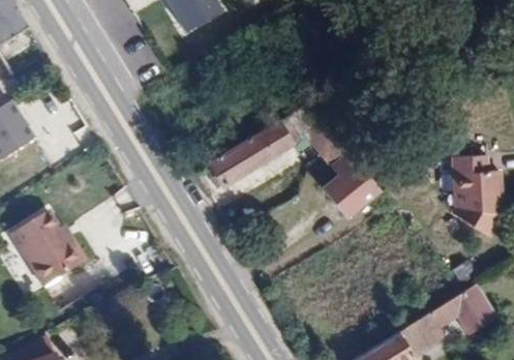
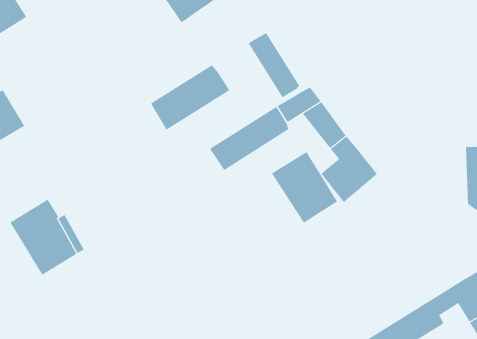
building: none -> [248,32,300,98]
building: none -> [150,65,230,131]
building: none -> [271,151,338,224]

